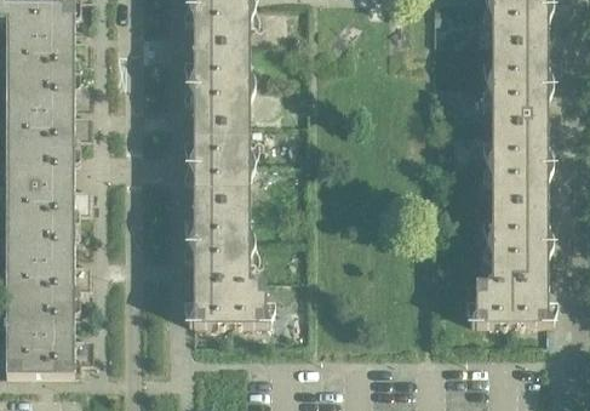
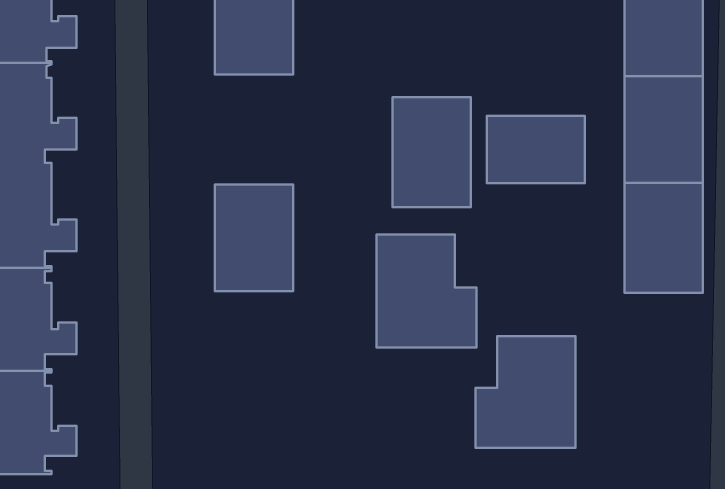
building: [191,82,248,162] -> [392,97,471,207]
building: none -> [487,116,585,183]
building: [191,240,264,322] -> [377,234,477,348]
building: [474,241,546,322] -> [476,336,575,448]

